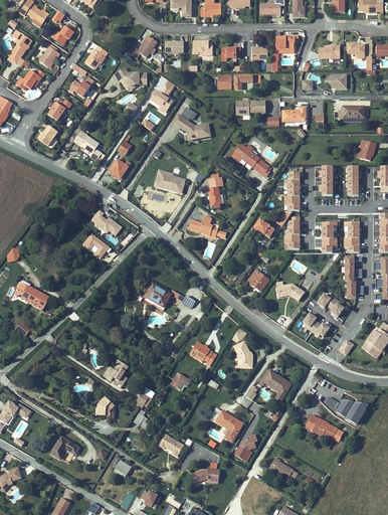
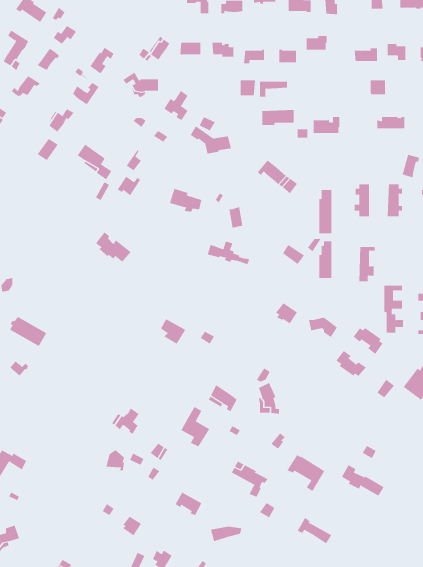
building: [344,221,358,252] -> none
building: [80,232,109,259] -> none
building: [257,368,292,401] -> [287,454,325,492]
building: [334,399,368,424] -> none
building: [49,435,79,459] -> none

